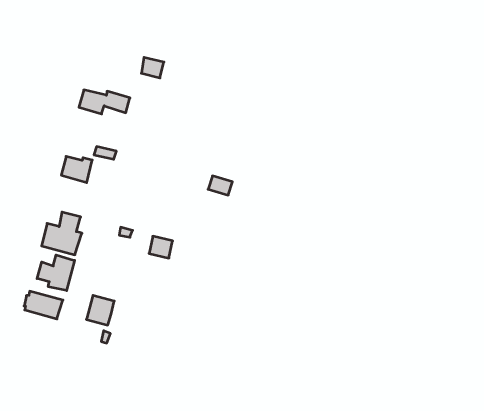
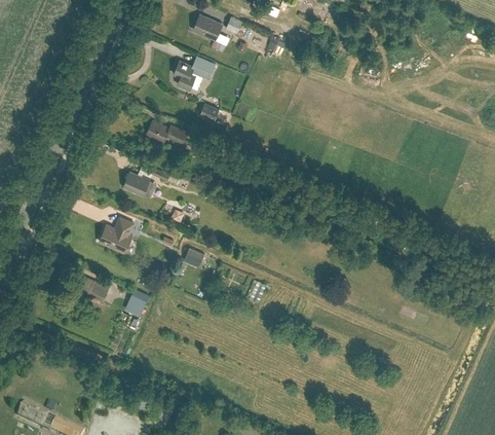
building: none -> [174,60,213,88]
building: [37,255,75,291] -> none

